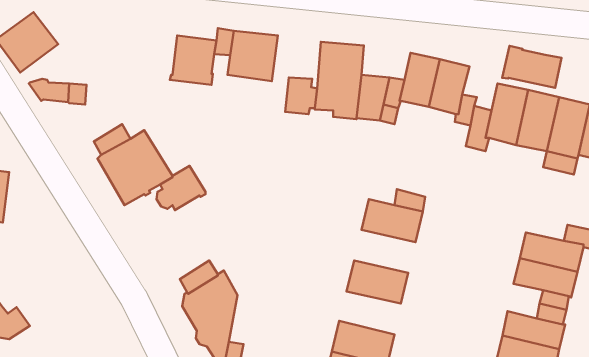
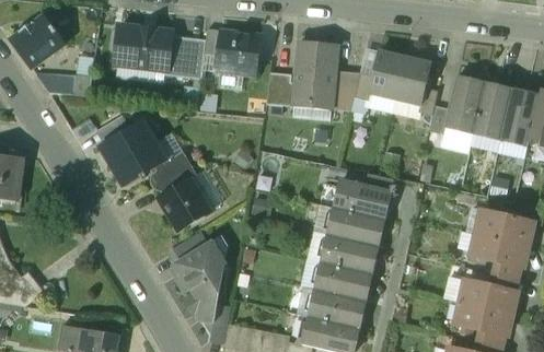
building: none -> [114,24,171,70]
building: [502,46,562,88] -> none
building: none -> [159,177,210,230]
building: none -> [328,208,383,246]
building: none -> [315,262,371,301]

